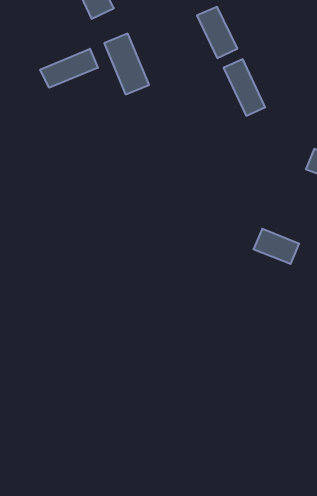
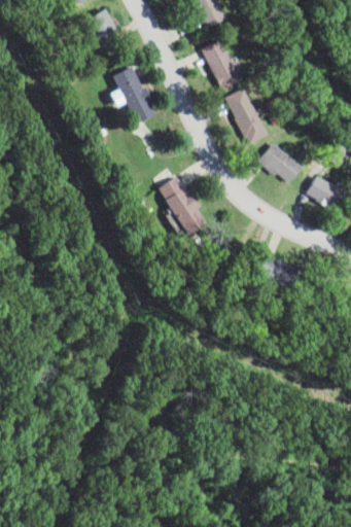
building: [40,49,98,88] -> none
building: none -> [259,144,302,184]
building: none -> [159,177,206,233]

